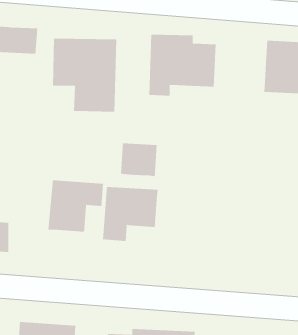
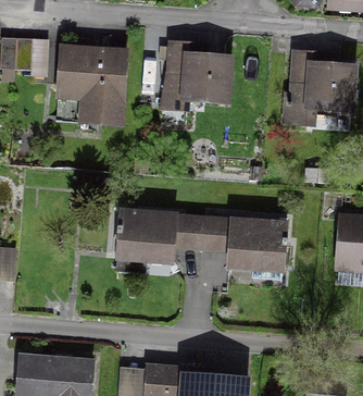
building: [120,143,157,177] -> [179,215,220,252]
building: [48,179,104,233] -> none
building: none -> [227,219,284,276]

